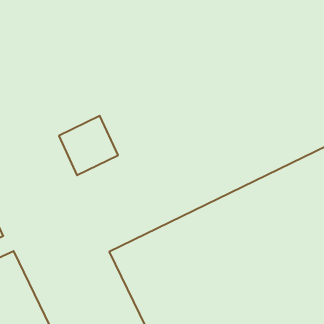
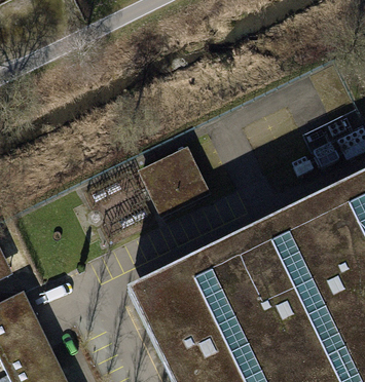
building: [59,116,118,175] -> [143,150,207,214]

